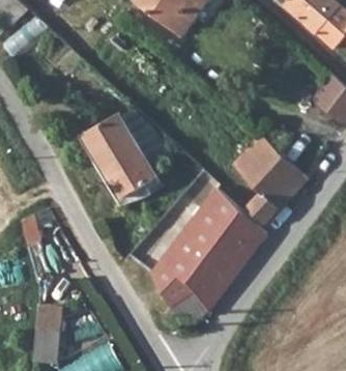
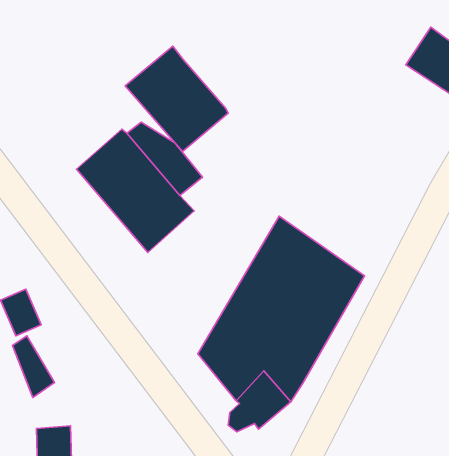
building: none -> [125,46,228,152]
building: [230,135,304,226] -> none

